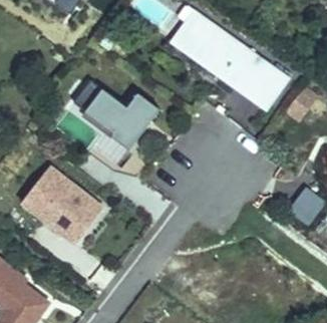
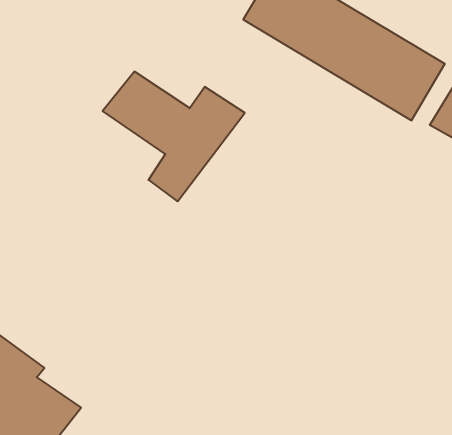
building: [17,159,108,245] -> none

